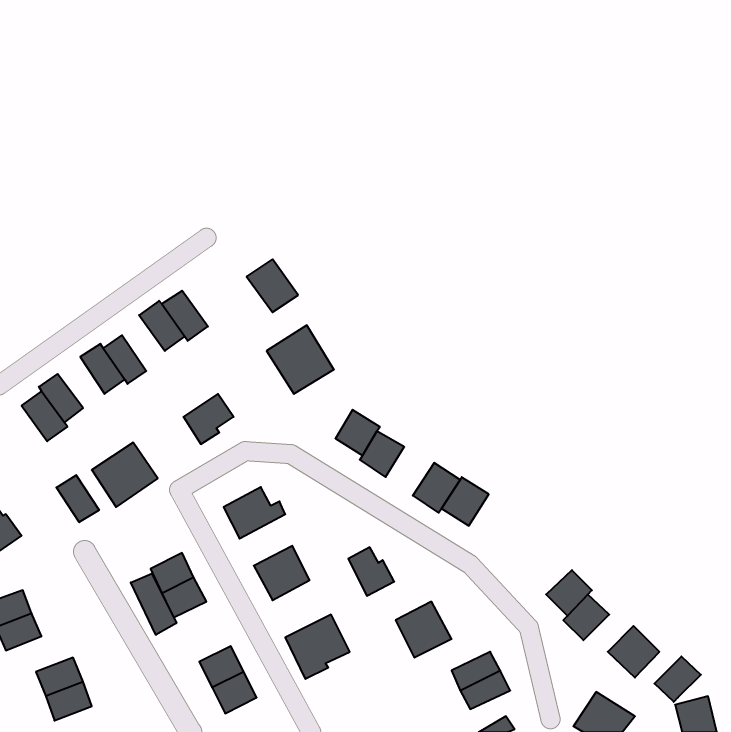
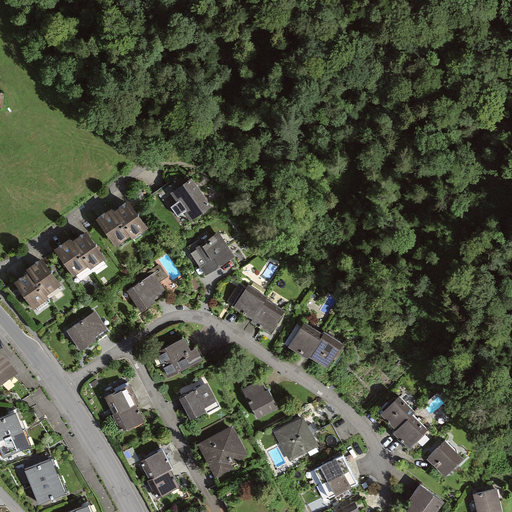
building: [56,475,99,522] -> none
building: [131,573,176,635] -> none
building: [654,656,701,702] -> none

